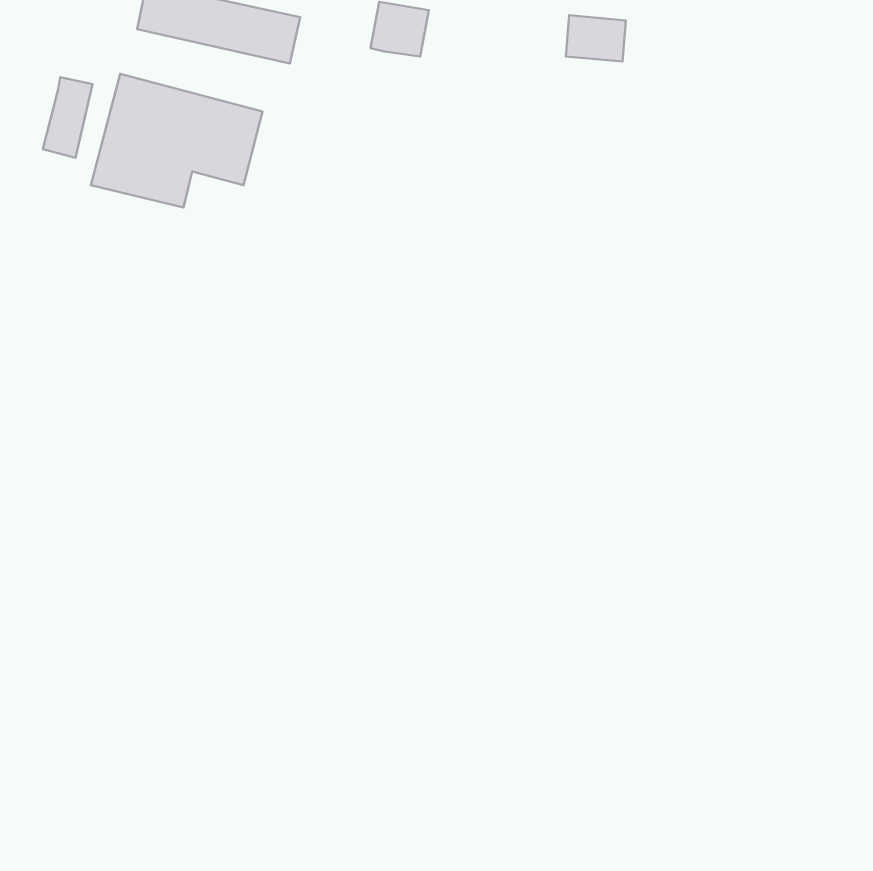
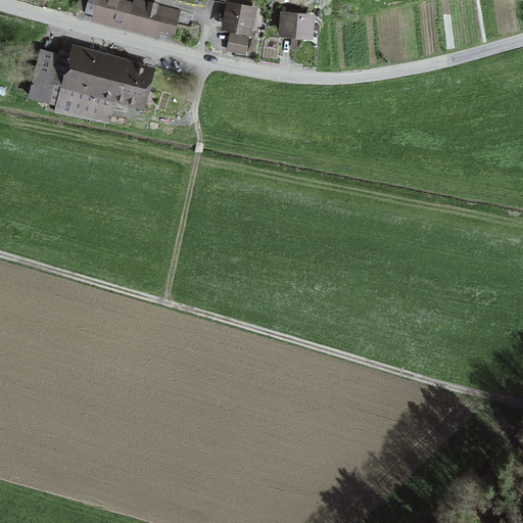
building: [566,15,626,61] -> [278,11,314,39]
building: none -> [226,31,250,53]

